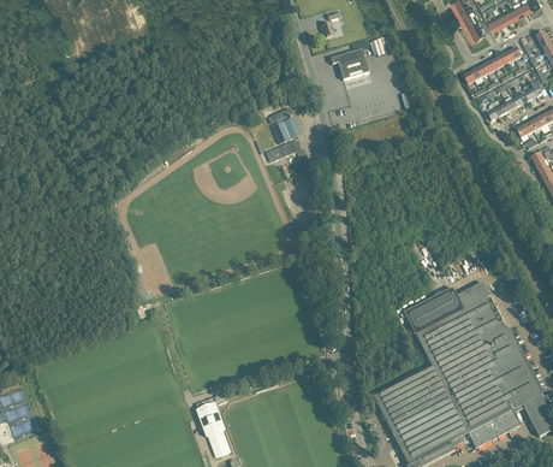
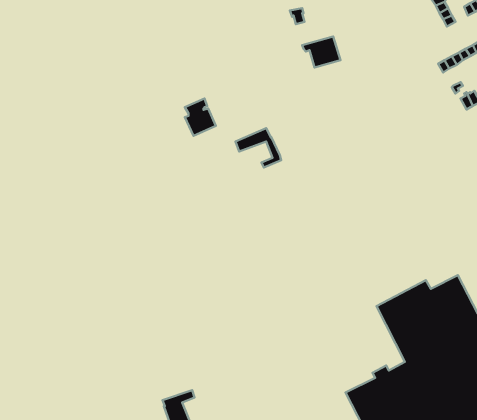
building: [272,107,302,143] -> [185,99,216,136]

